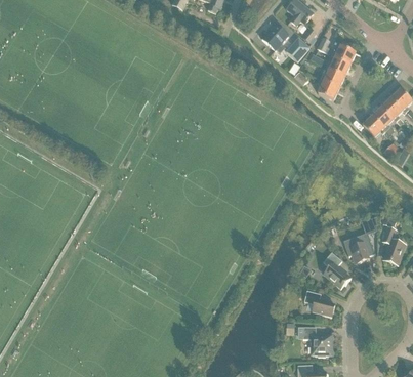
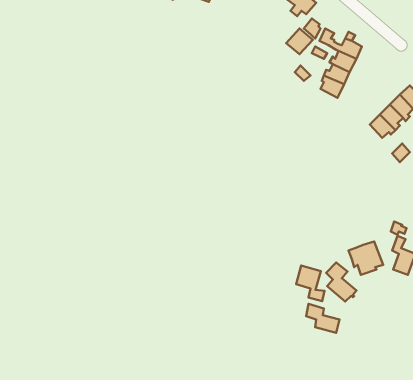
building: [261,22,288,52] -> none
building: none -> [296,266,325,301]
building: [298,326,332,354] -> none

